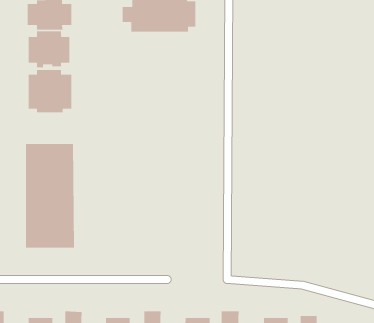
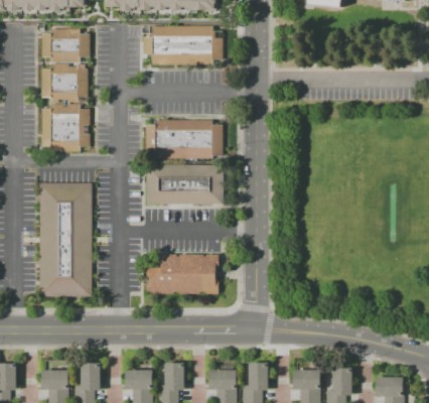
building: none -> [144,120,222,159]
building: none -> [146,165,225,204]
building: none -> [146,254,218,294]

